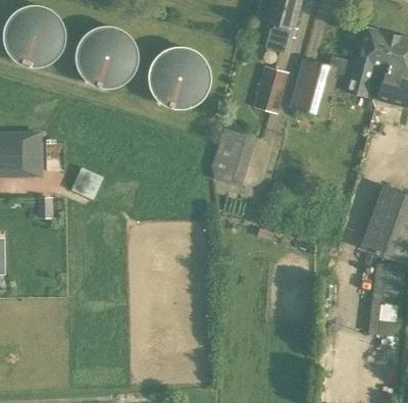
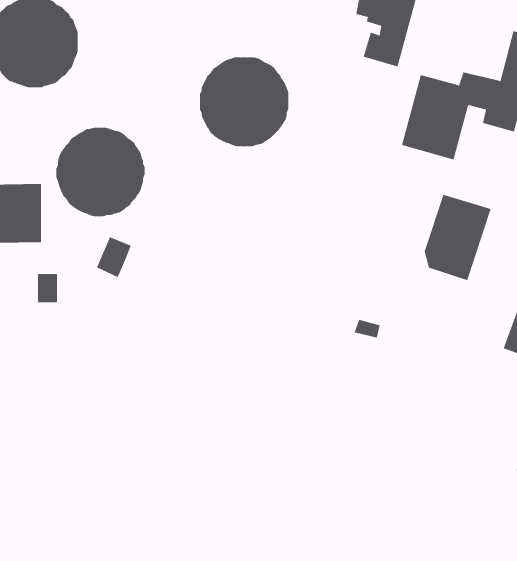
building: [75,24,138,87] -> [56,127,145,217]
building: [253,64,289,112] -> none
building: [210,127,257,187] -> [424,194,492,281]

